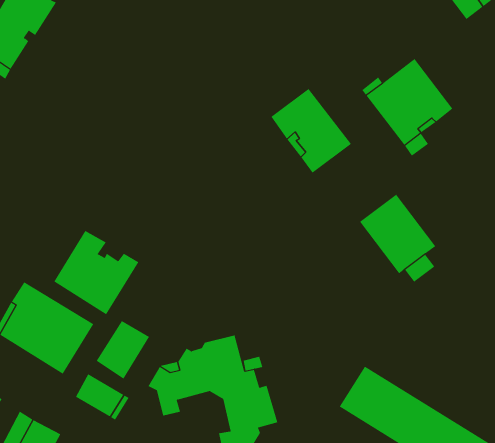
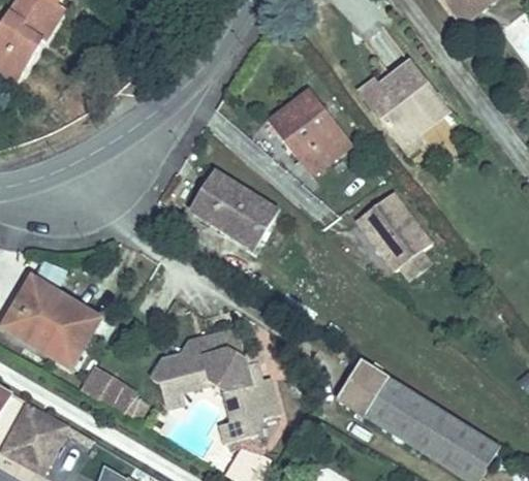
building: none -> [191,171,276,248]
building: [53,230,139,315] -> none
building: [96,320,150,379] -> none

